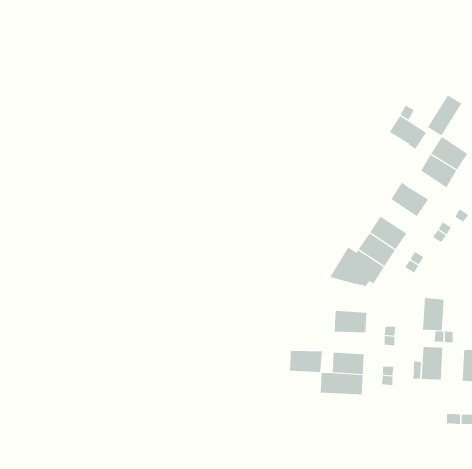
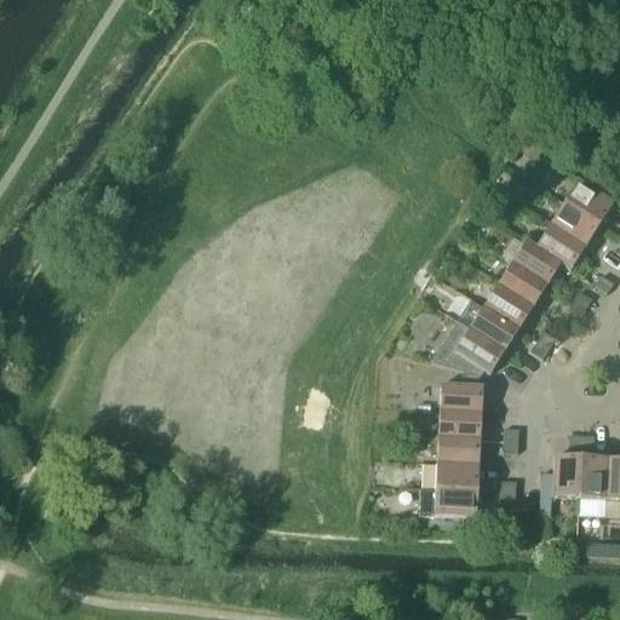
building: [427,94,462,136] -> none
building: [389,115,427,149] -> [536,223,586,268]
building: none -> [499,260,547,305]
building: none -> [440,371,483,408]
building: [422,298,445,331] -> [579,454,608,498]
building: [289,350,323,373] -> [437,434,481,463]

